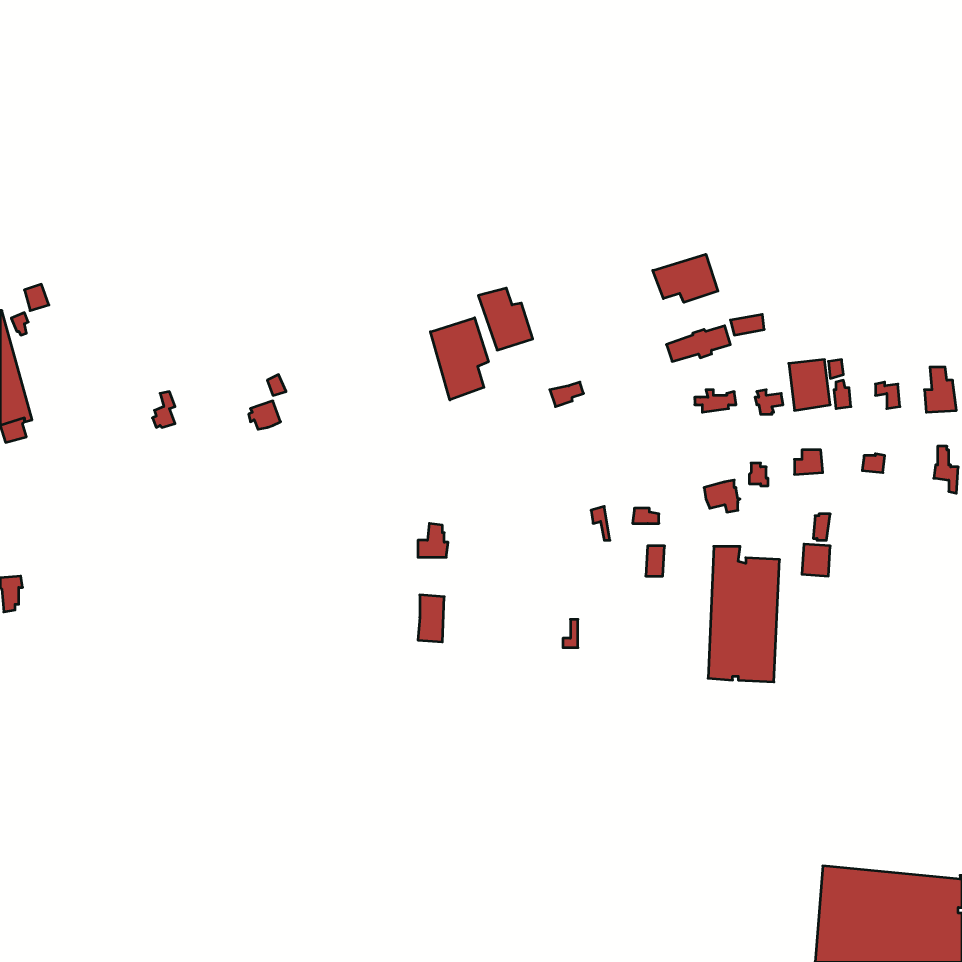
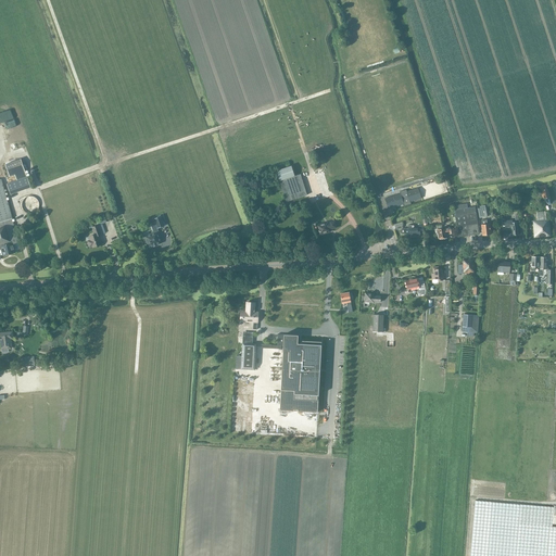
building: [653,254,718,302] -> none
building: [430,318,488,400] -> none
building: [708,546,780,682] -> [280,334,321,413]

